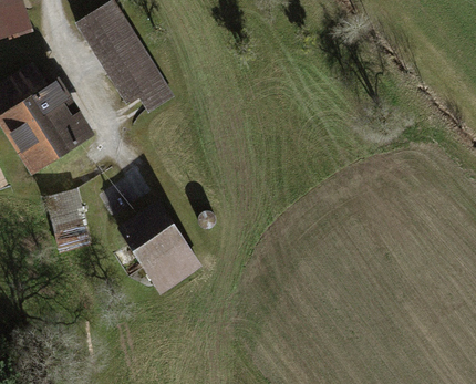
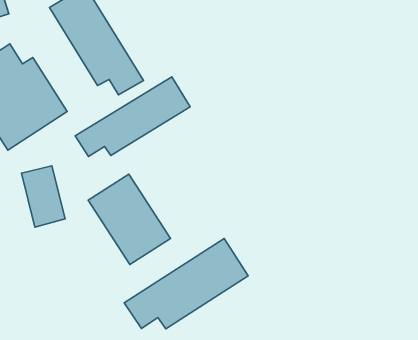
building: none -> [75,77,190,156]
building: none -> [124,239,248,329]

